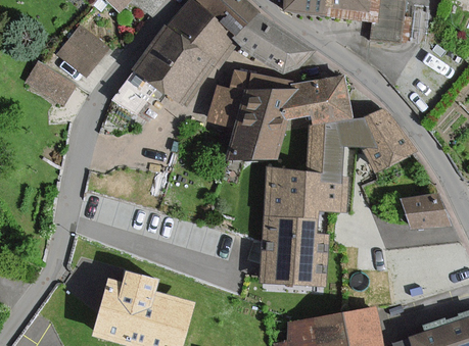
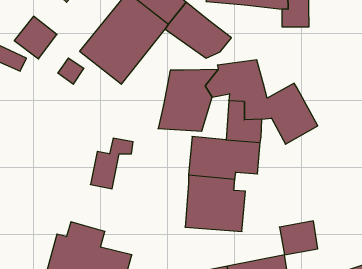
building: [206,71,256,131] -> [90,138,133,189]
building: [402,193,447,233] -> [279,221,318,255]

